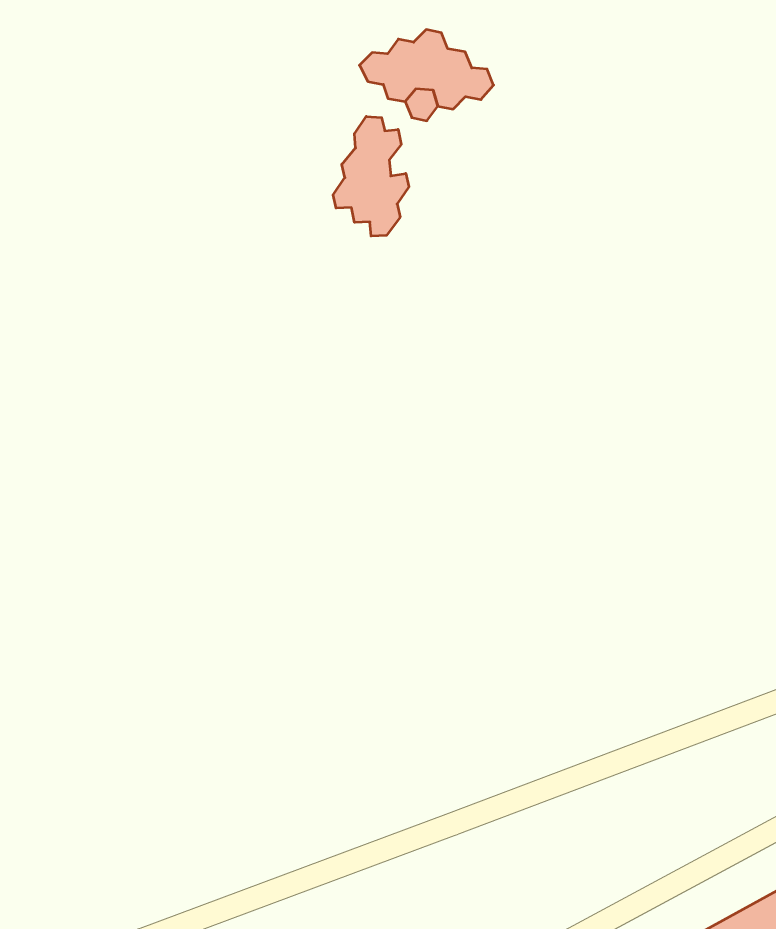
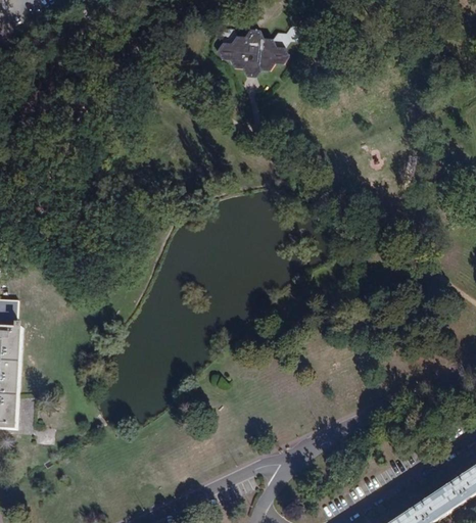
building: [333,116,409,236] -> none

